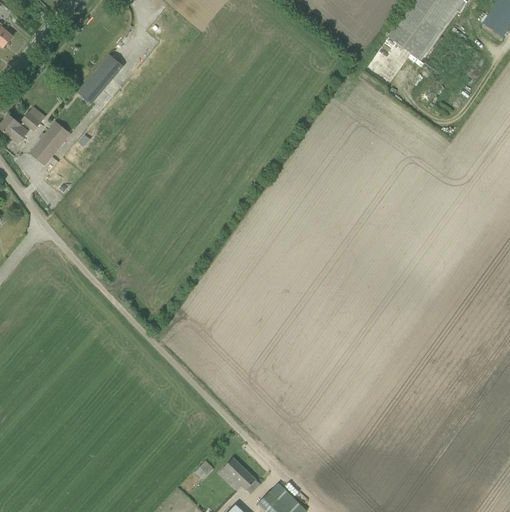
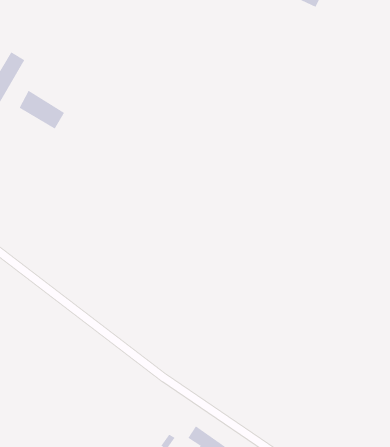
building: none -> [19,90,65,130]

